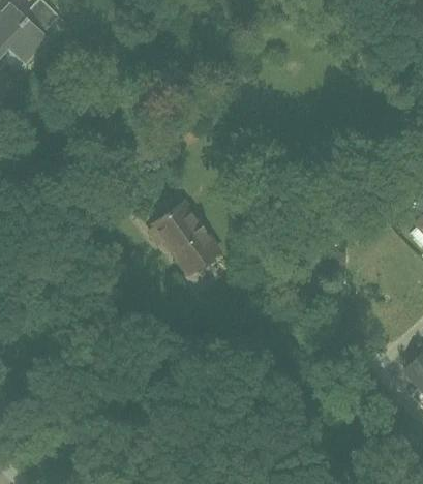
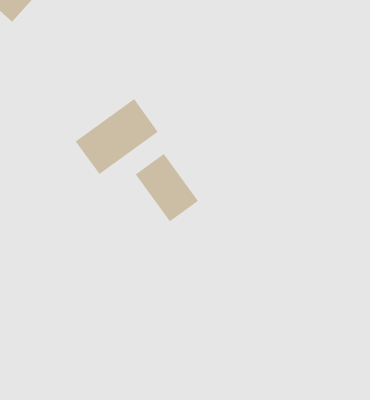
building: none -> [75,98,159,175]

